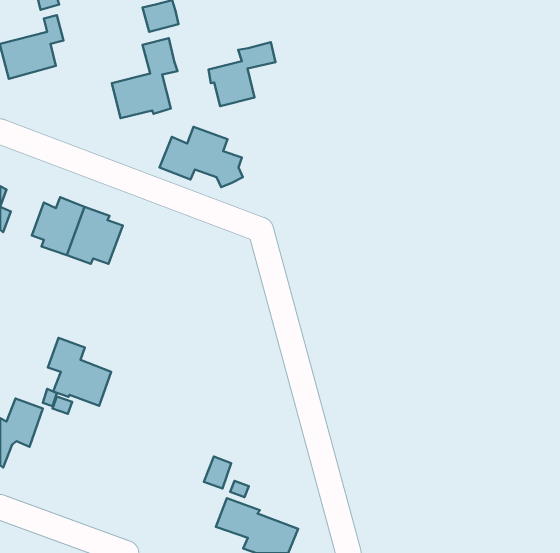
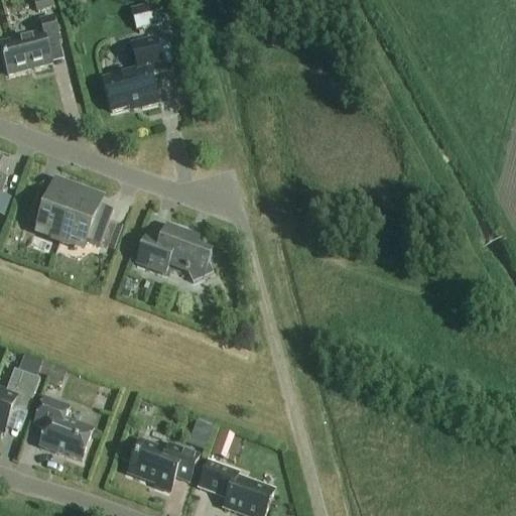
building: [208,42,276,106] -> none
building: [160,127,243,187] -> [136,224,213,279]
building: [48,338,111,406] -> [34,395,93,458]
building: none -> [128,437,200,488]

